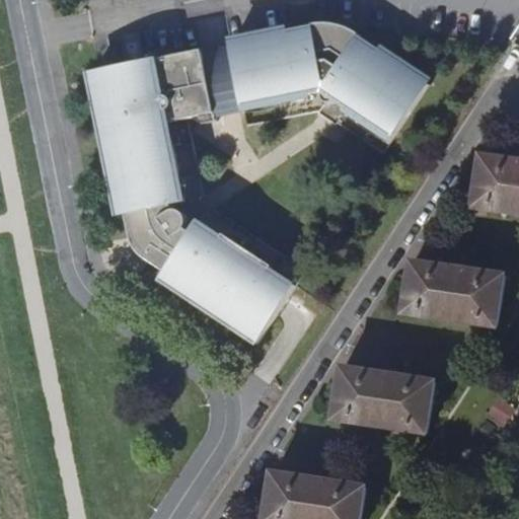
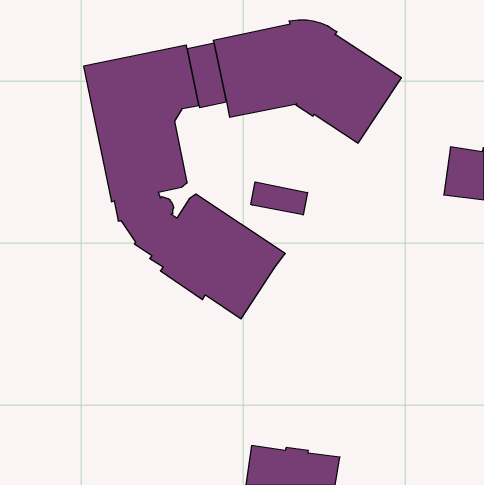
building: none -> [251,182,308,215]
building: [398,260,497,324] -> none
building: [327,366,428,430] -> none

